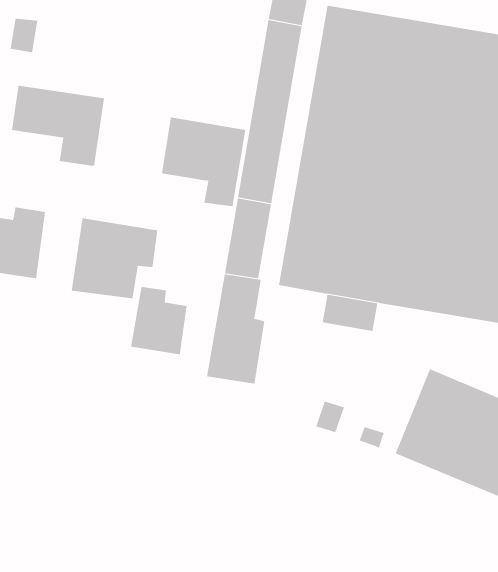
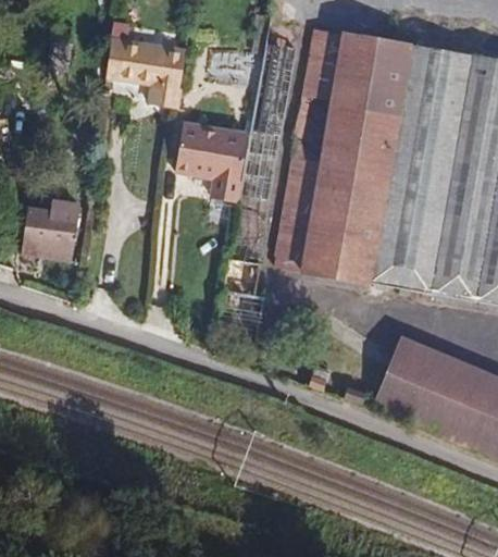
building: [11,85,105,166] -> [108,38,187,107]
building: [71,218,158,299] -> none
building: [130,286,187,355] -> none

